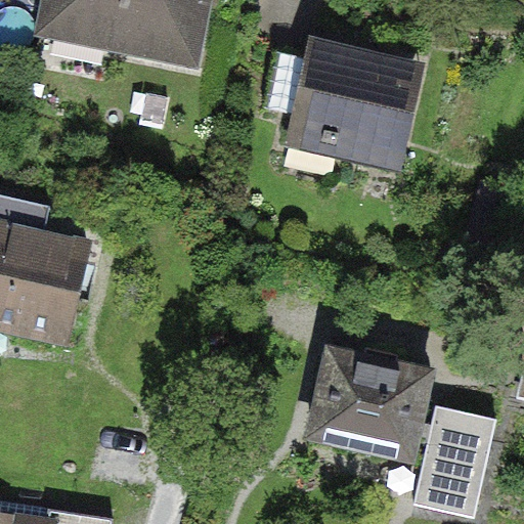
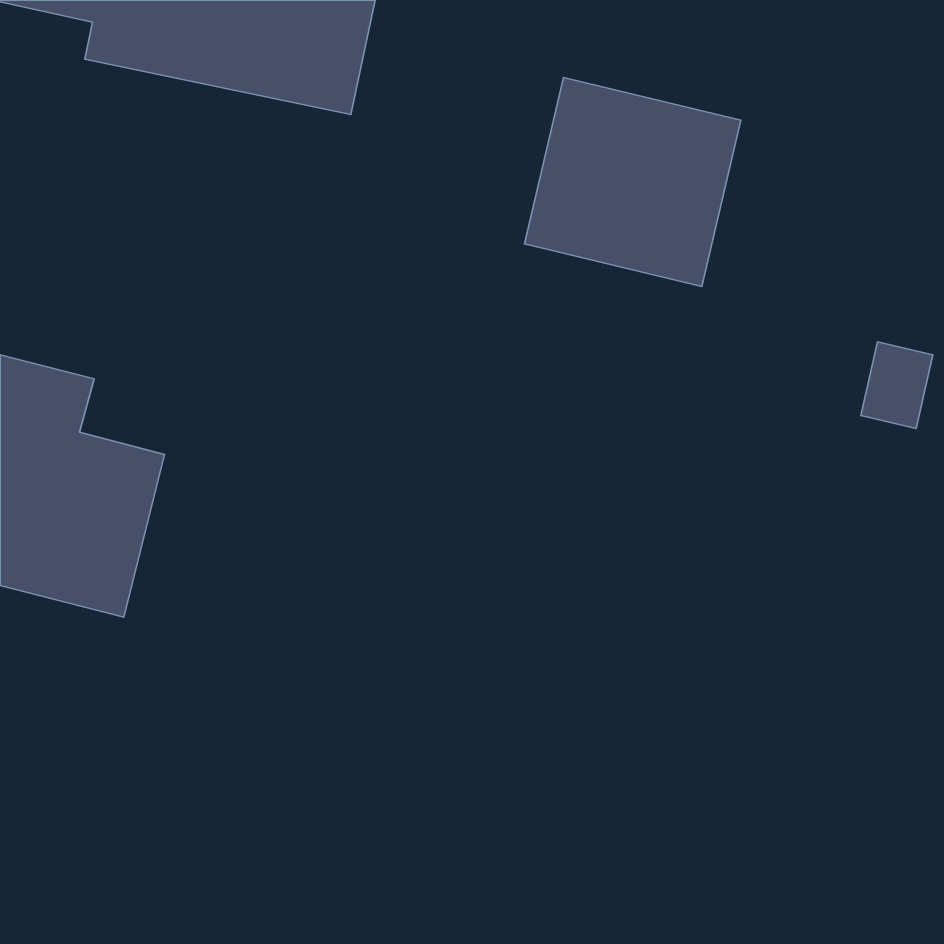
building: [302,343,433,464] -> none
building: [412,405,495,518] -> none

